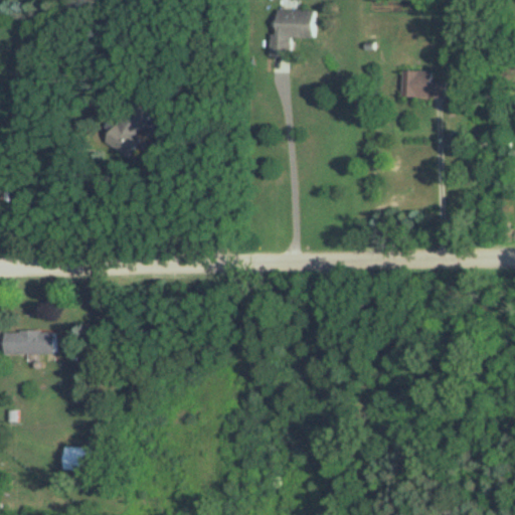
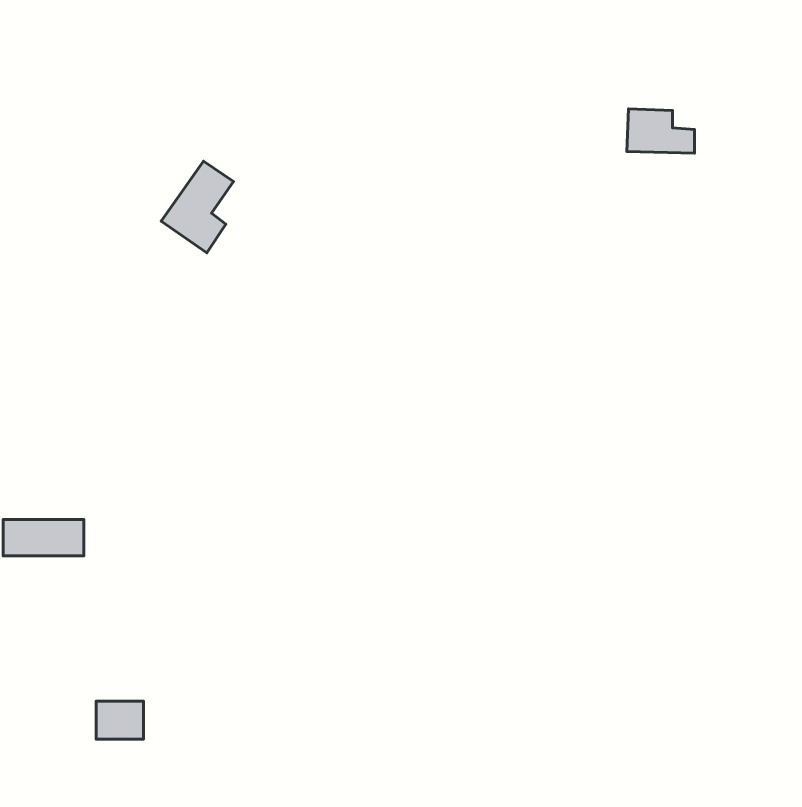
building: [270,9,313,56] -> none

